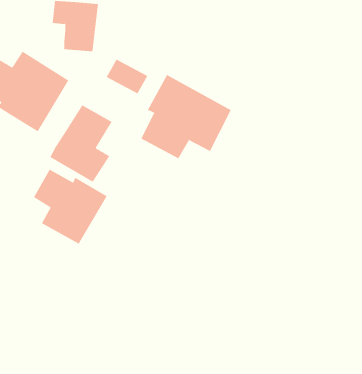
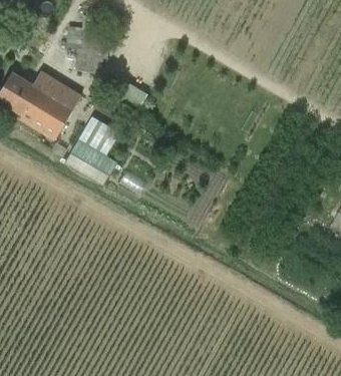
building: [141,74,232,159] -> none
building: [33,169,108,244] -> none

